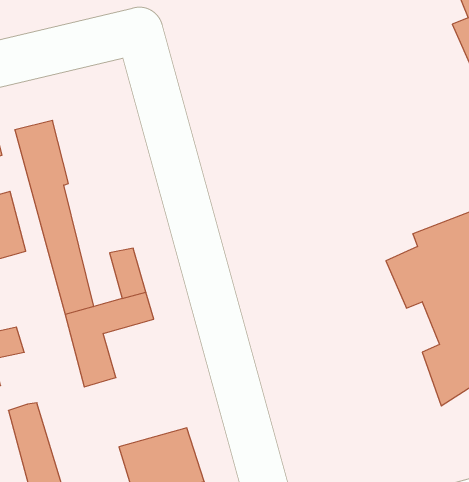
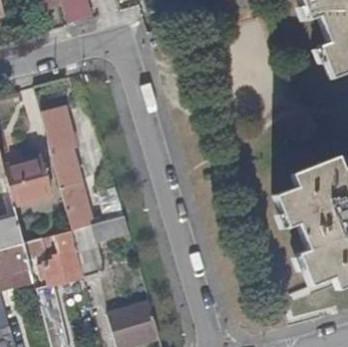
building: none -> [42,230,83,287]

